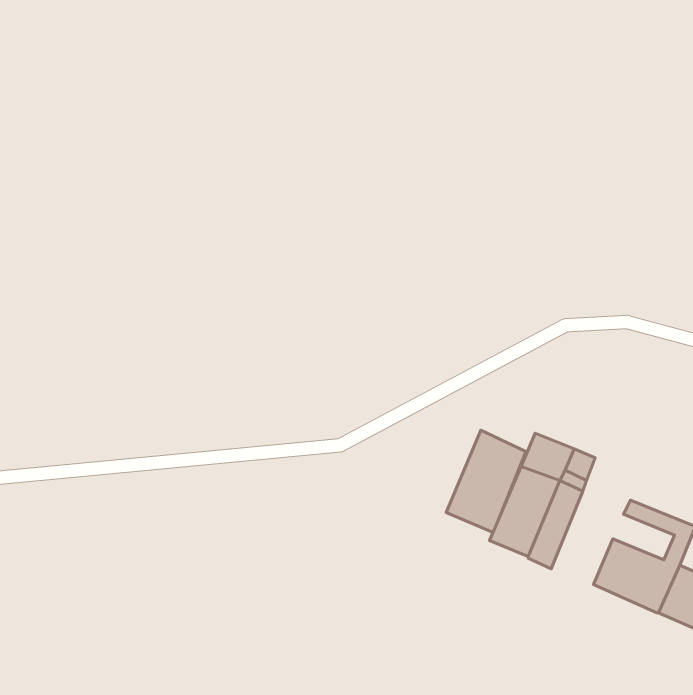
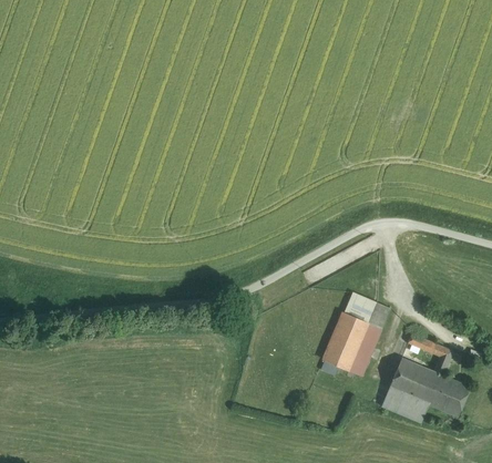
building: [446,430,526,532] -> none
building: none -> [380,388,428,423]

